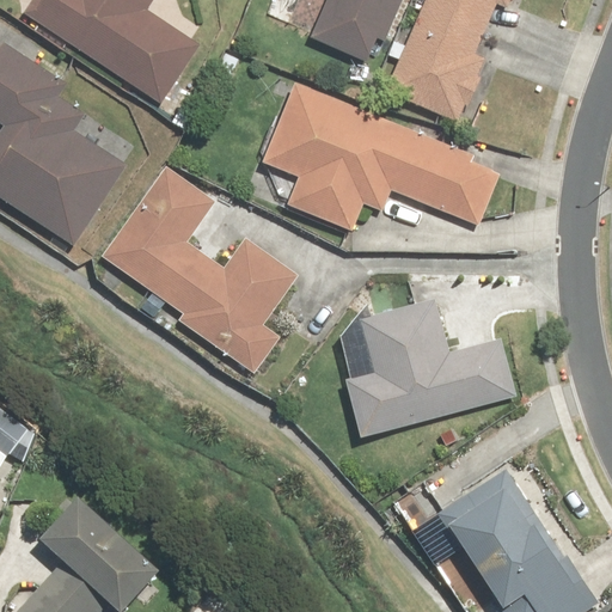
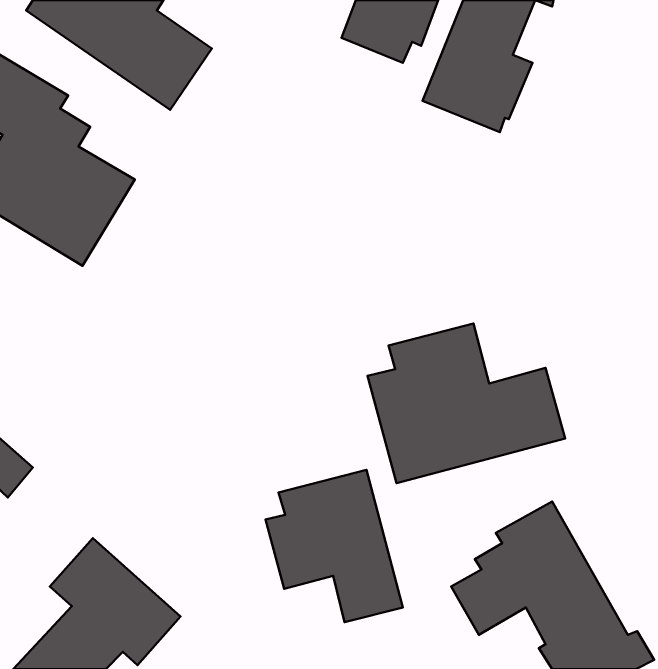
building: [261,78,502,232] -> none
building: [103,161,293,377] -> none
building: none -> [266,470,403,622]

